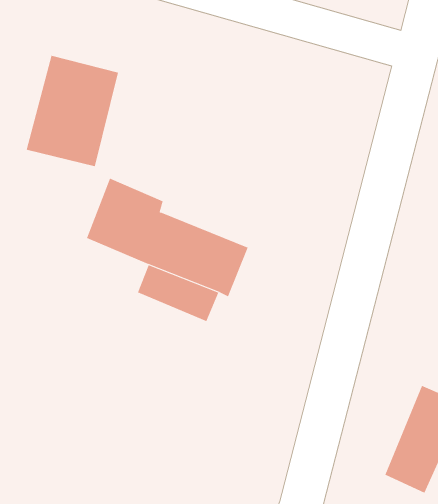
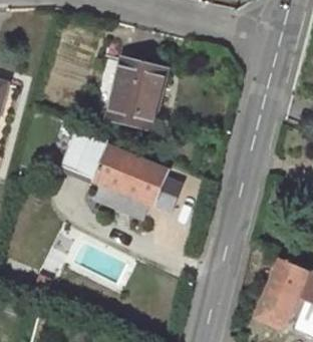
building: [26,55,119,167] -> [105,57,166,129]

